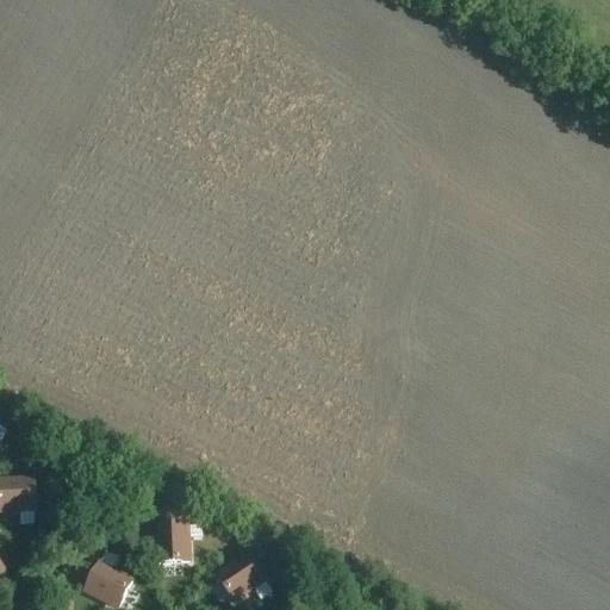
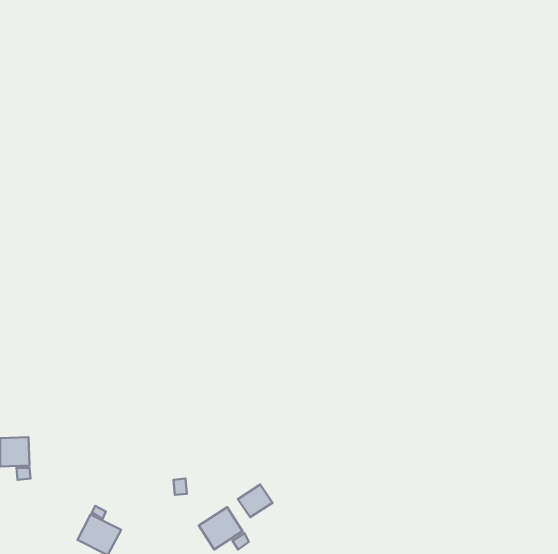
building: [156,523,189,561] -> none
building: none -> [238,484,272,517]

